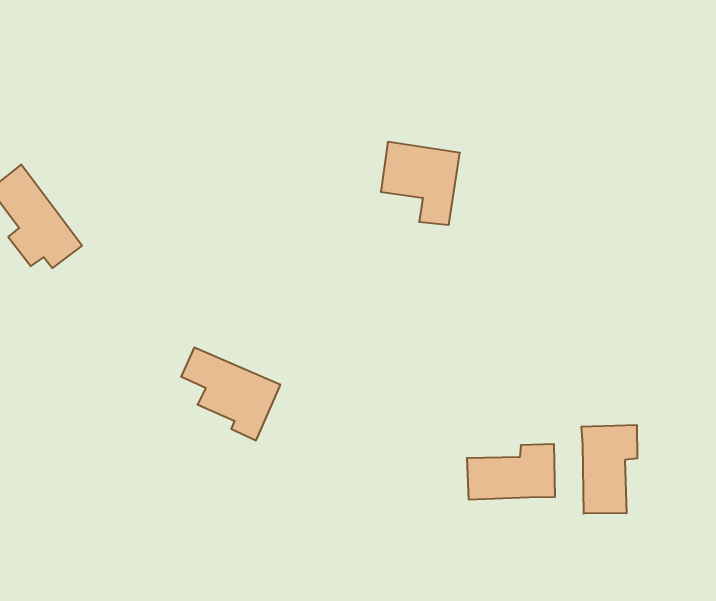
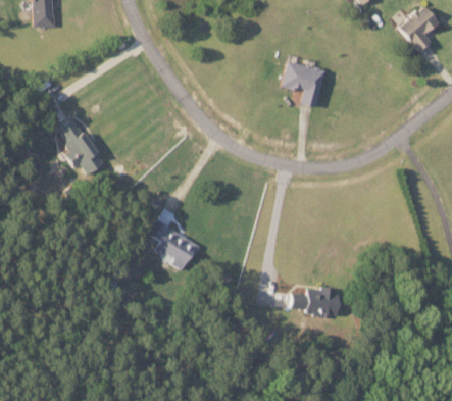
building: [381,142,460,225] -> [284,61,327,107]
building: [581,425,637,514] -> none

